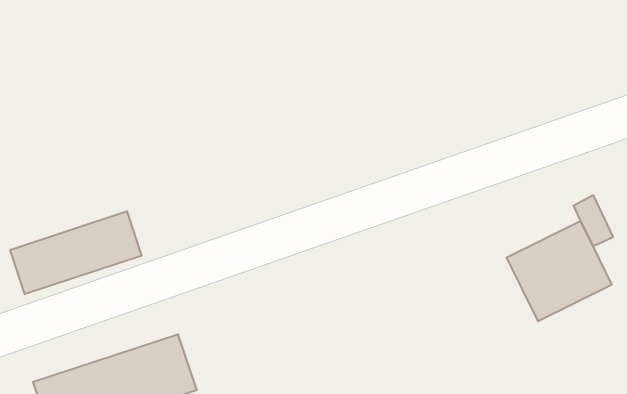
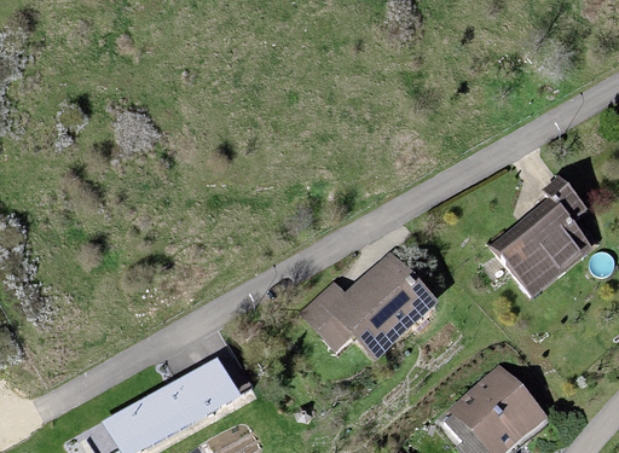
building: [10,211,141,294] -> none
building: none -> [302,256,428,353]

